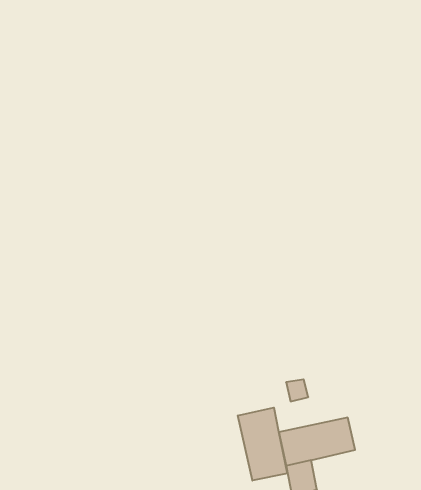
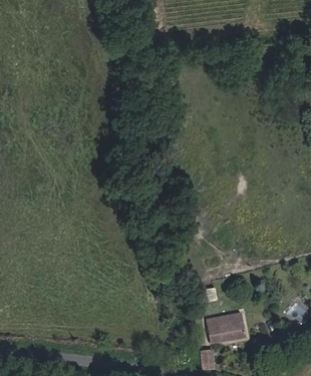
building: [238,408,287,481] -> none

